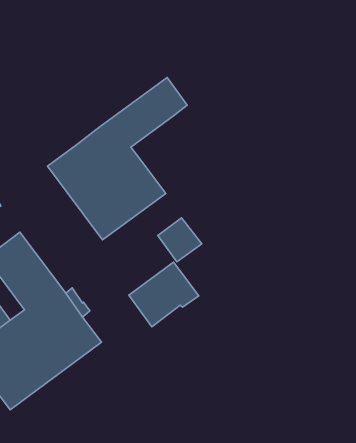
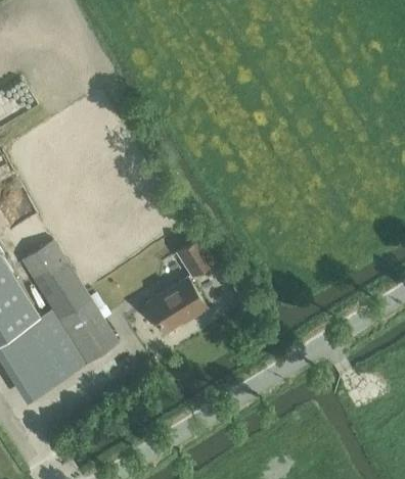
building: [47,77,187,240] -> none

